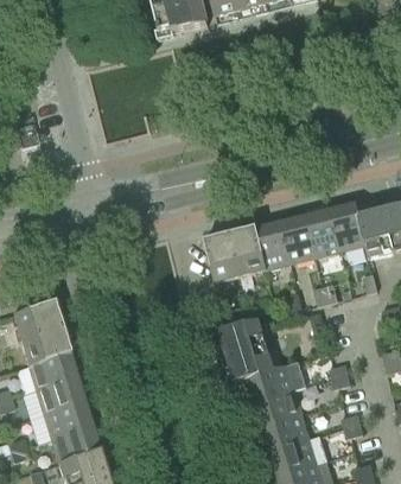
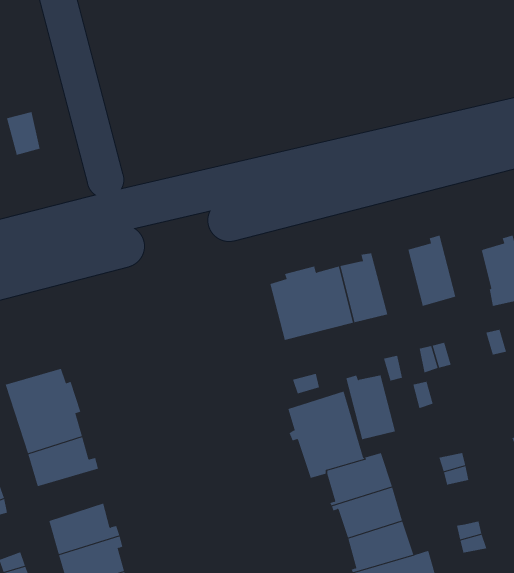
building: [329,202,365,249] -> none
building: [279,215,316,262] -> [345,375,396,440]
building: [34,375,83,413] -> none

